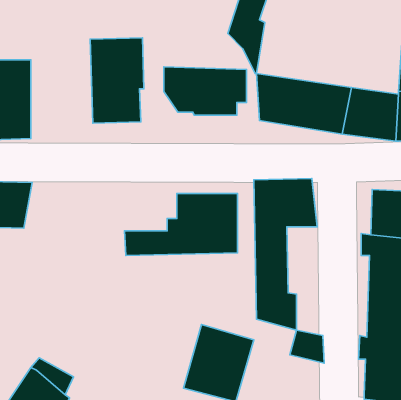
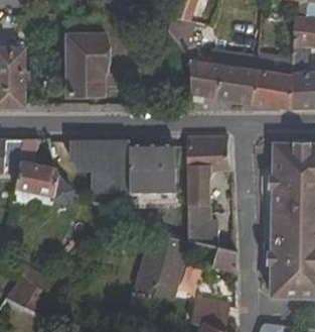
building: [164,67,247,115] -> [70,139,131,175]
building: none -> [14,139,74,206]

